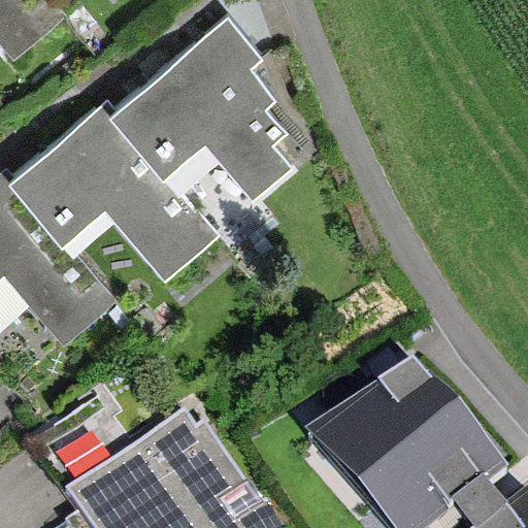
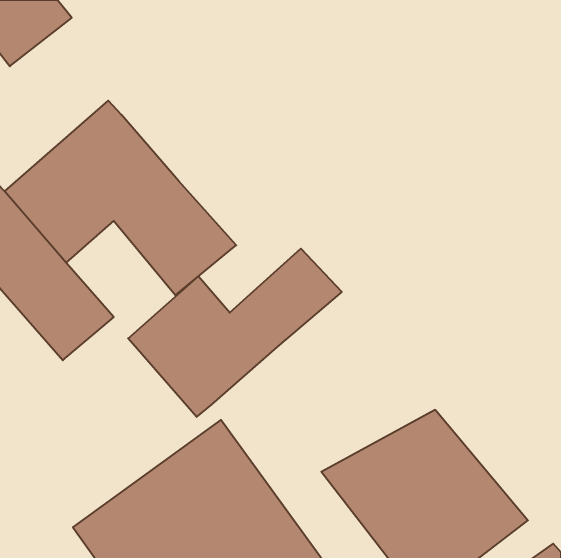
building: [113,14,290,199] -> none
building: none -> [128,249,342,417]

